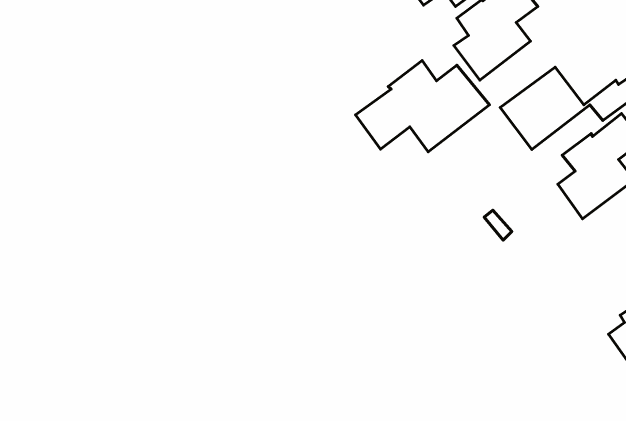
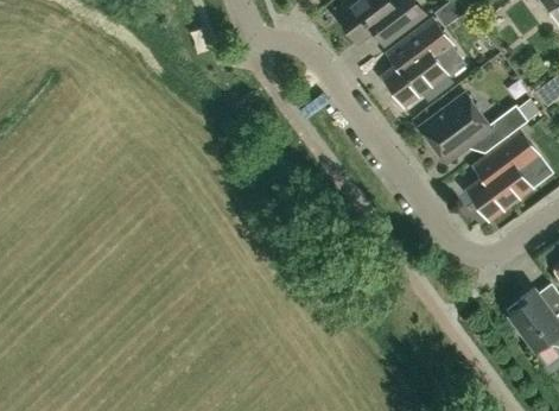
building: [356,60,489,152] -> none

